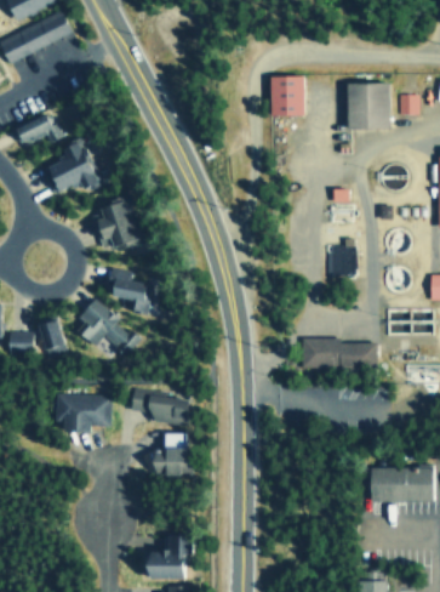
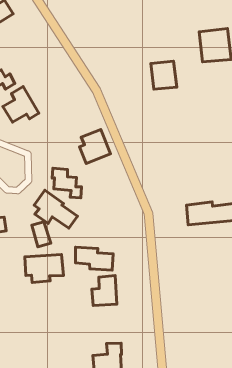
building: [270,78,305,116] -> [151,61,177,89]
building: [96,200,141,249] -> [80,129,111,164]
building: [40,321,65,358] -> [32,222,51,247]

